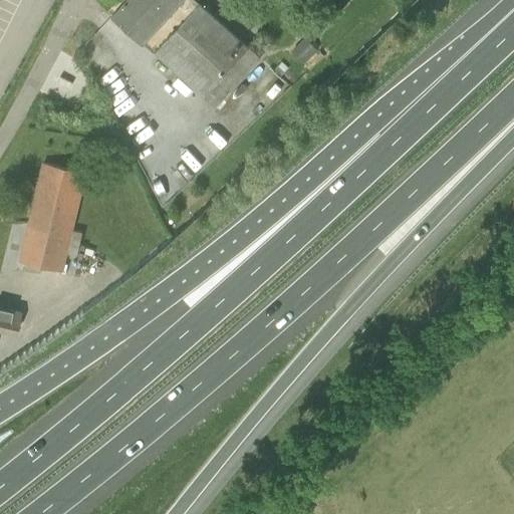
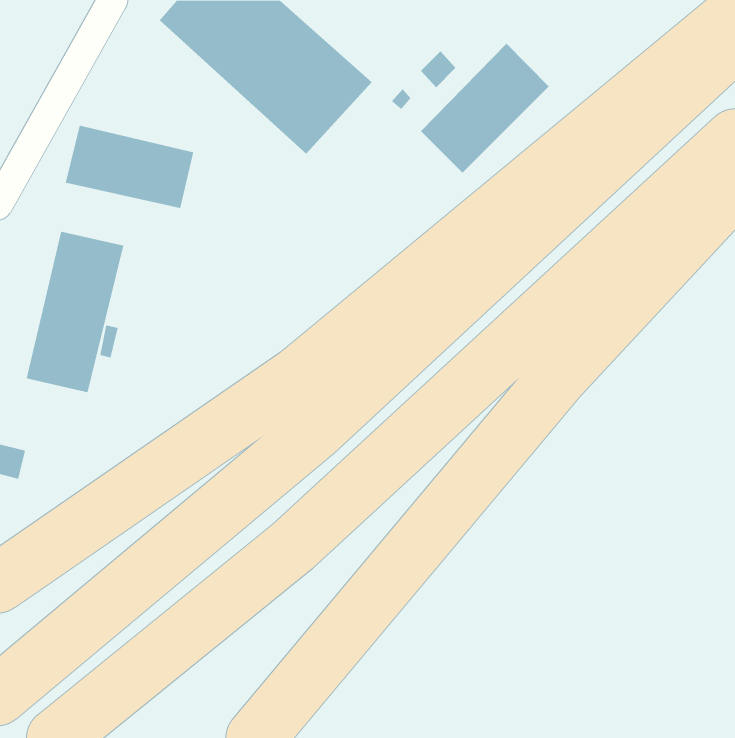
building: none -> [420,43,549,174]
building: none -> [65,125,194,209]

